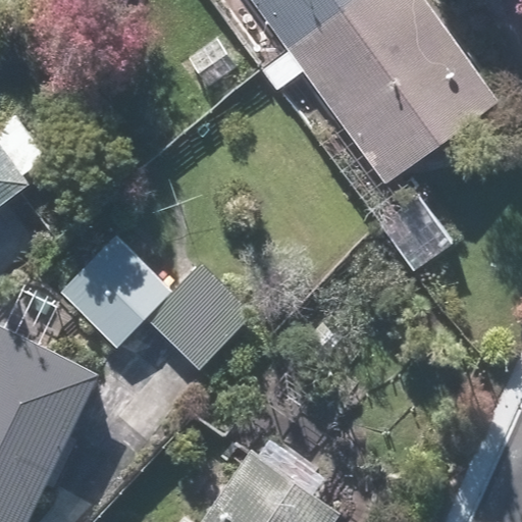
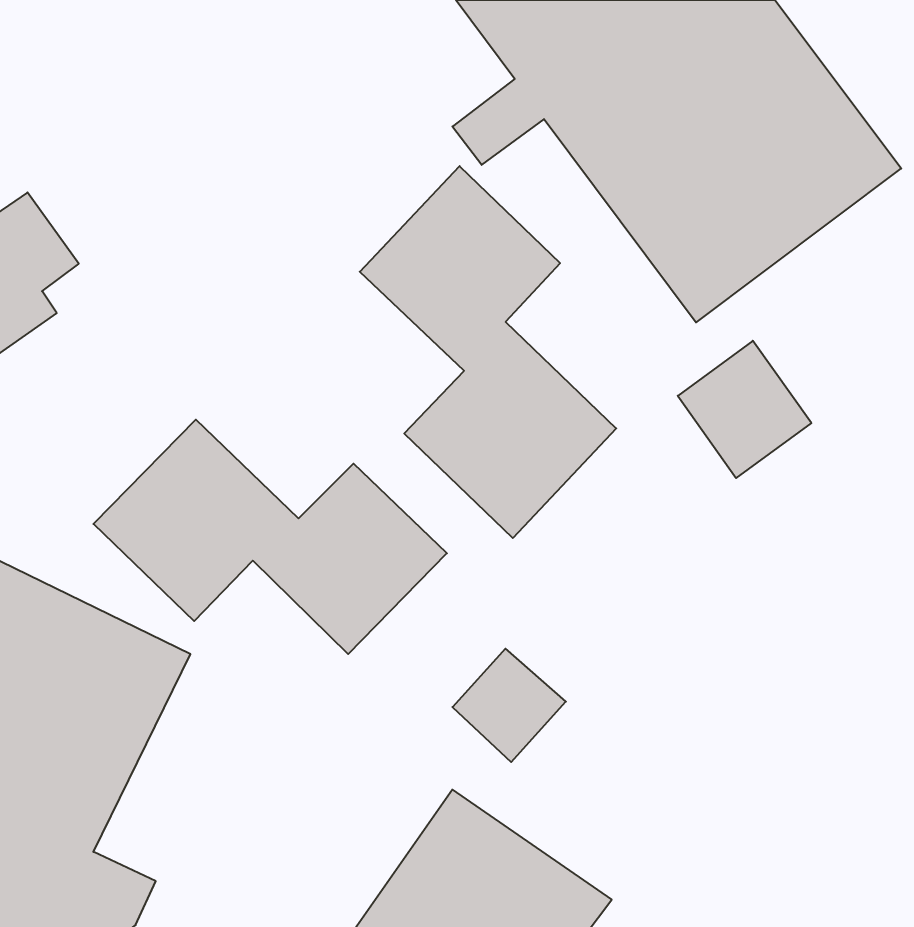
building: none -> [360,166,616,538]

